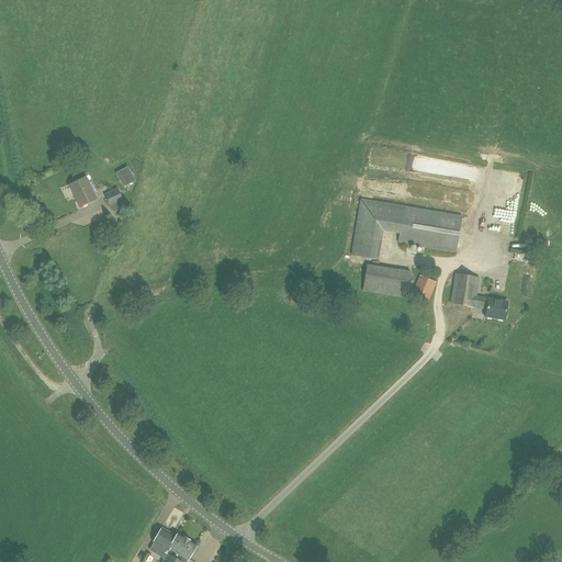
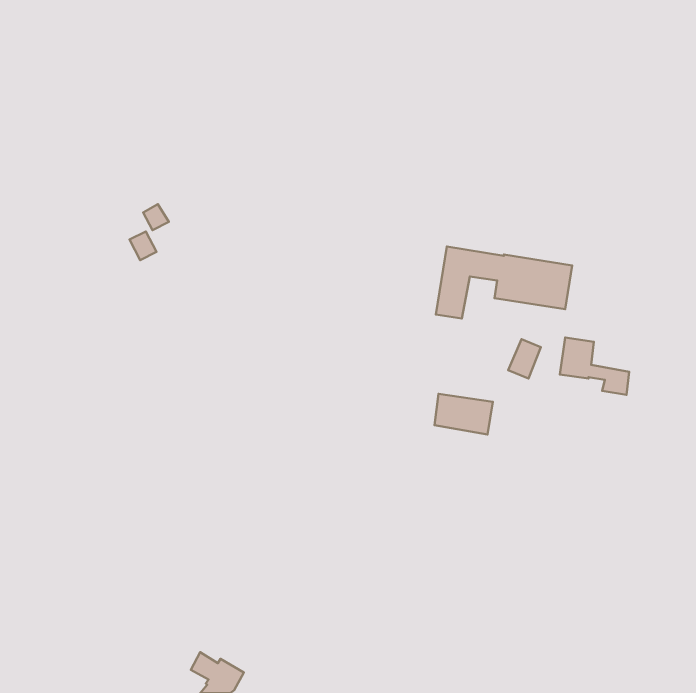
building: [69,175,97,205] -> none
building: [363,263,411,296] -> [434,394,493,435]

